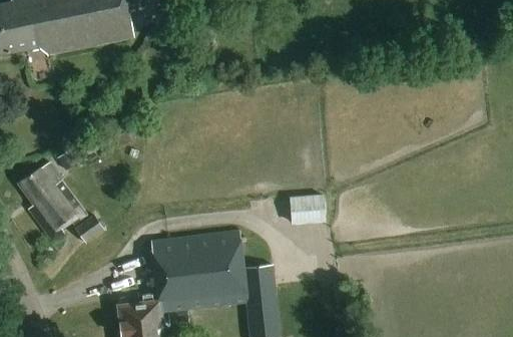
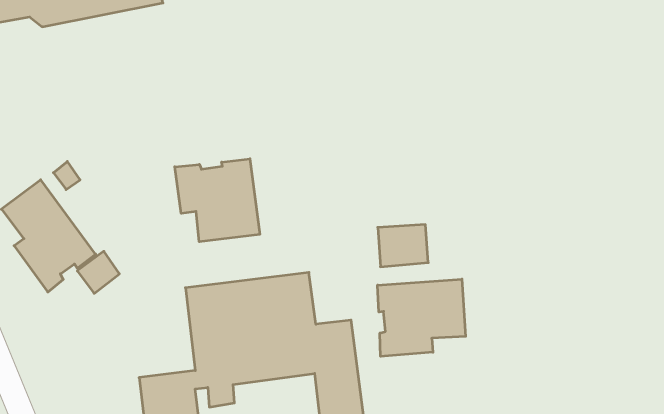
building: none -> [175,159,260,242]
building: none -> [378,279,466,356]

